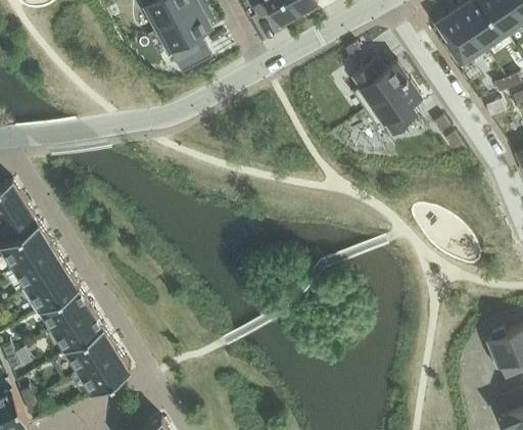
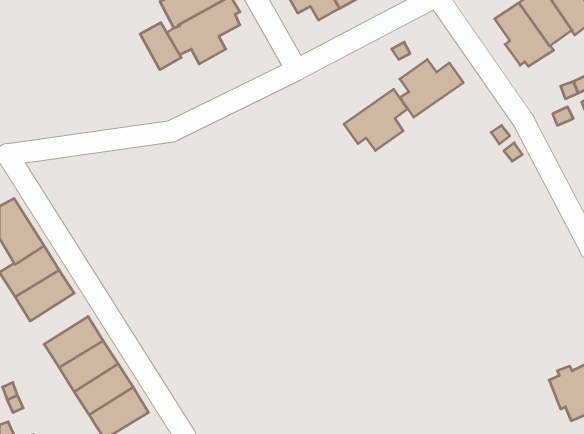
building: none -> [140,23,181,70]
building: [366,80,422,134] -> [344,89,408,151]
building: [23,266,79,314] -> none

